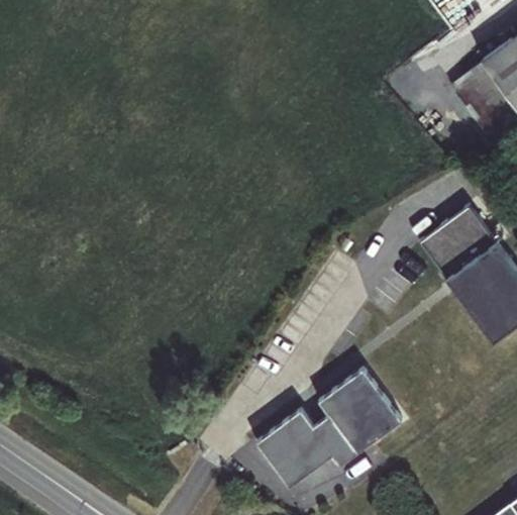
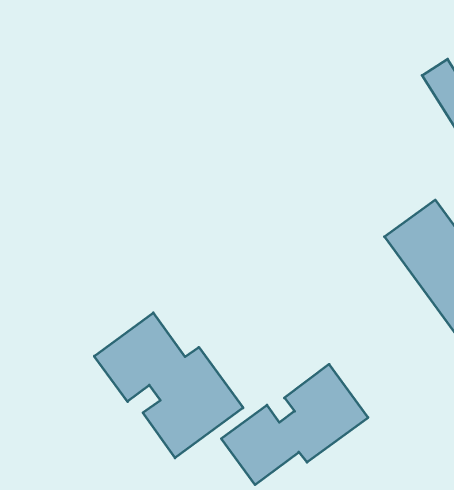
building: none -> [94,313,243,458]

